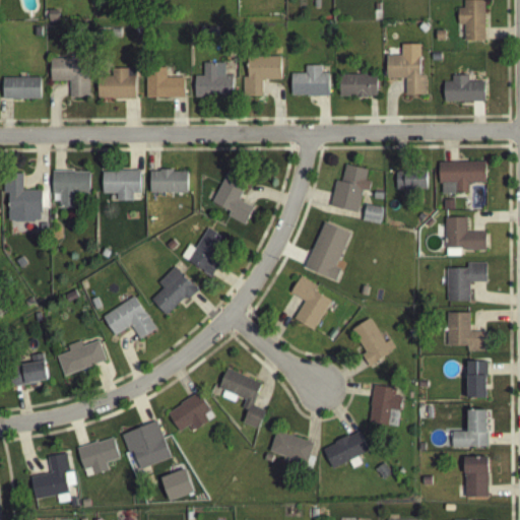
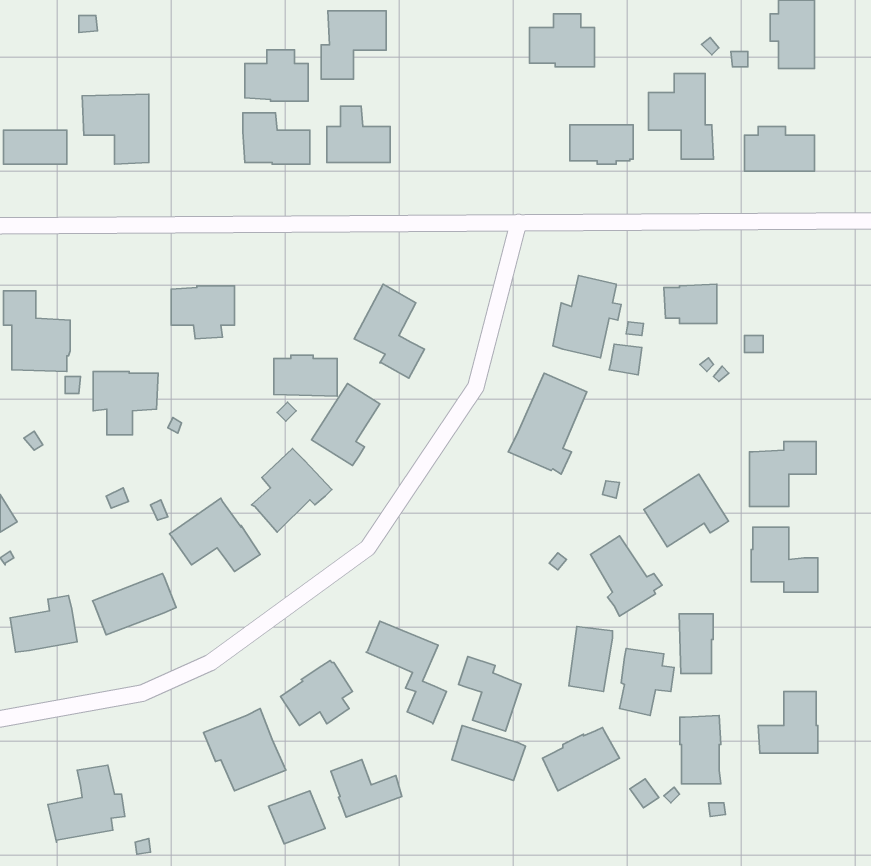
building: [244,56,282,96] -> [321,11,386,79]
building: [291,65,330,96] -> [530,14,595,67]
building: [99,68,136,99] -> [245,50,308,101]
building: [439,161,485,193] -> none
building: [150,169,188,193] -> [274,355,337,396]
building: [53,171,91,208] -> [93,372,158,435]
building: [446,217,486,250] -> none
building: [290,275,332,330] -> none
building: none -> [644,474,729,547]
building: [467,362,488,397] -> [679,614,713,674]
building: none -> [569,627,612,692]
building: none -> [459,657,521,731]
building: [77,438,121,474] -> none
building: none -> [331,760,402,817]
building: [464,456,489,497] -> [680,715,721,784]

